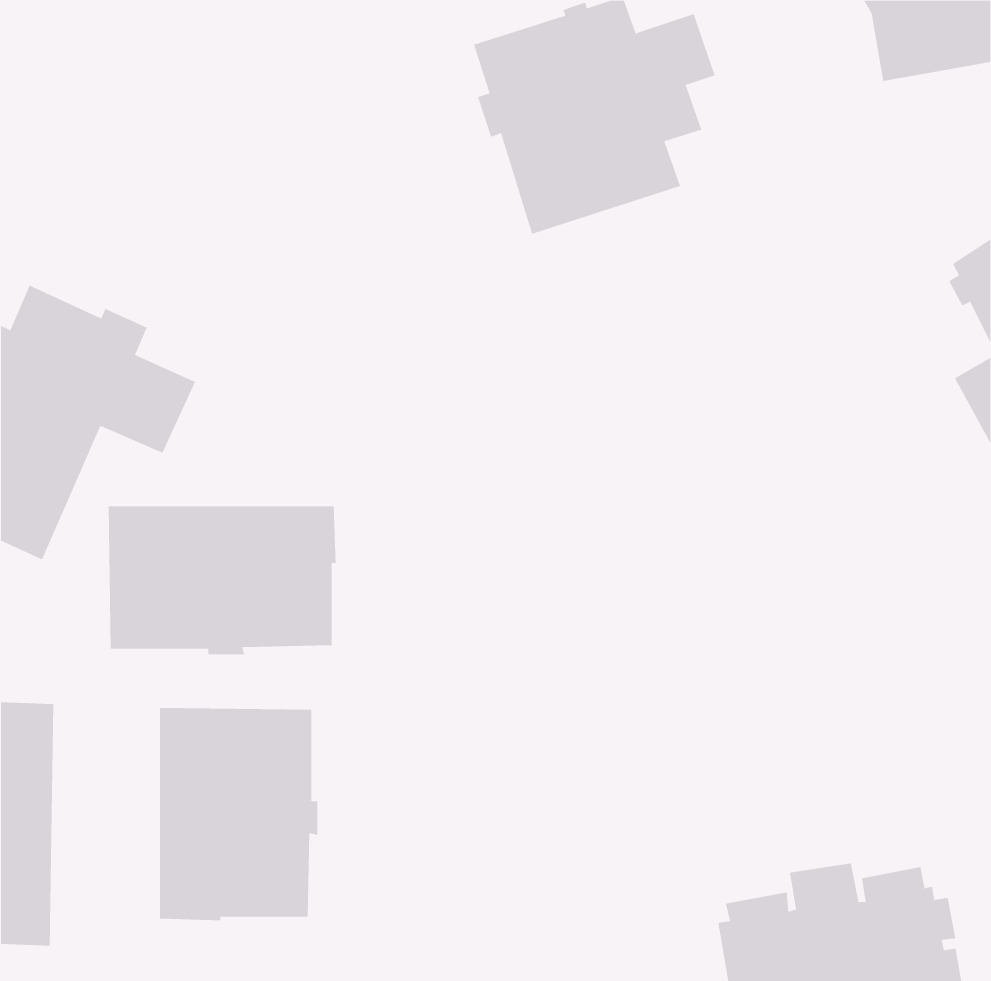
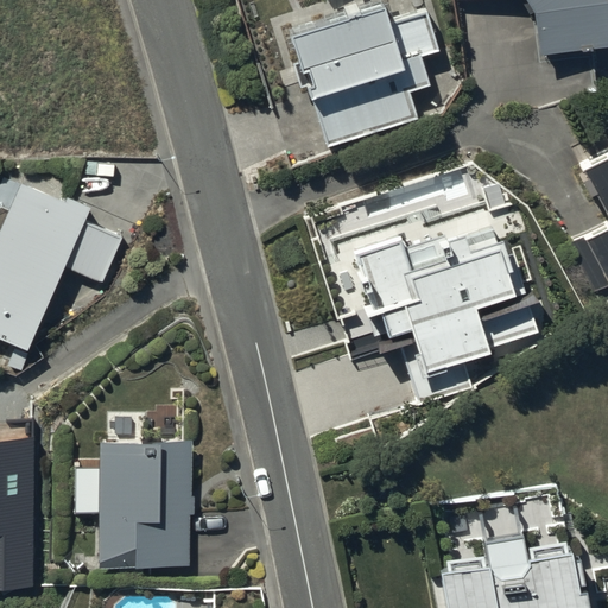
building: none -> [354,229,539,408]
building: [108,506,336,655] -> none

